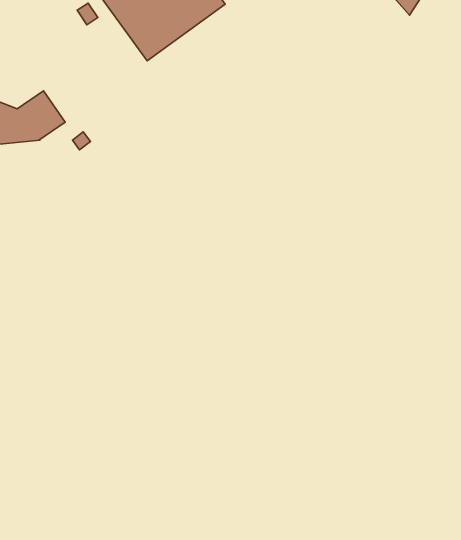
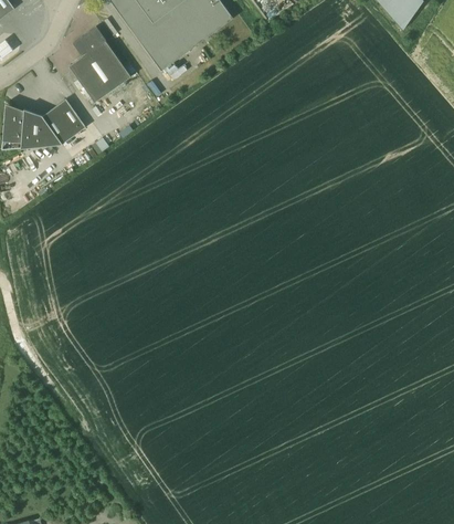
building: none -> [68,27,131,103]

